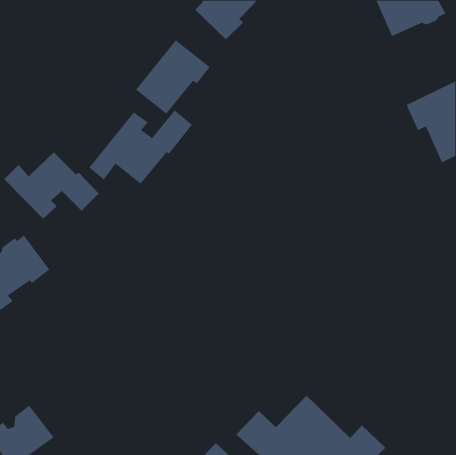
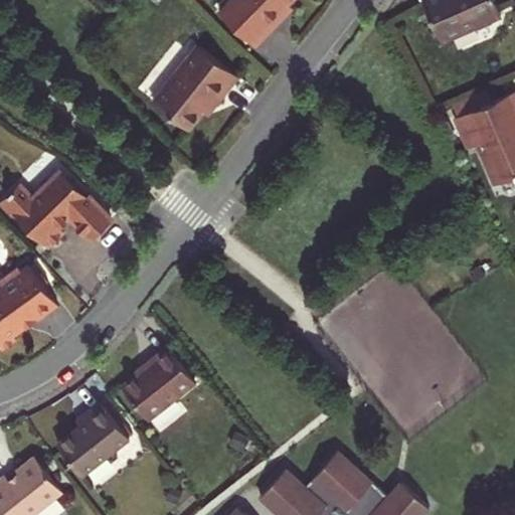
building: [89,109,193,185] -> none
building: none -> [121,350,194,422]
building: none -> [56,403,129,477]

